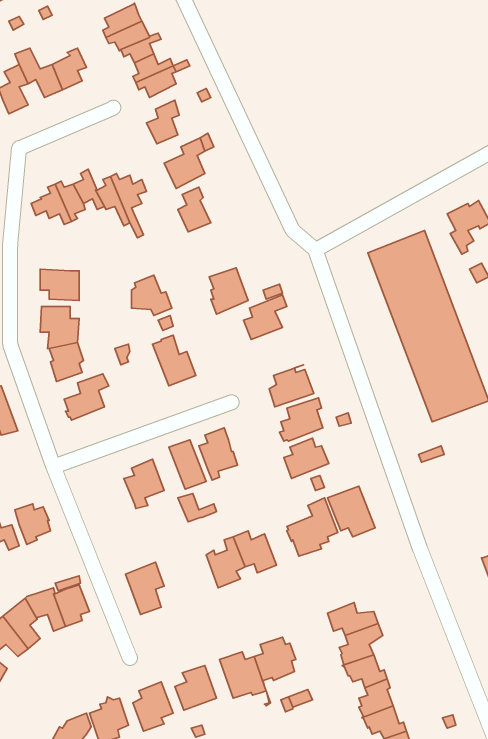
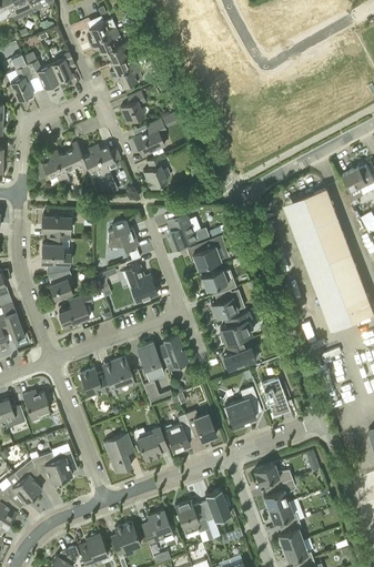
building: none -> [200,270,236,295]
building: none -> [79,368,111,397]
building: none -> [137,427,166,462]

